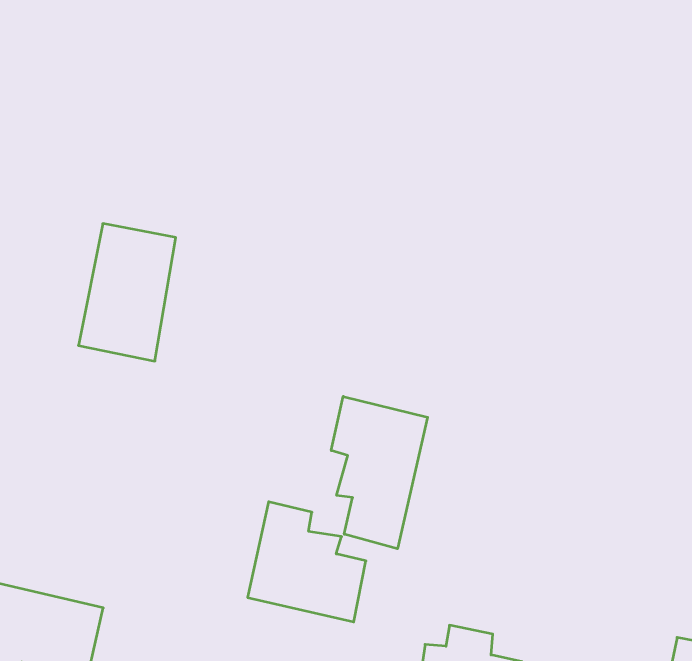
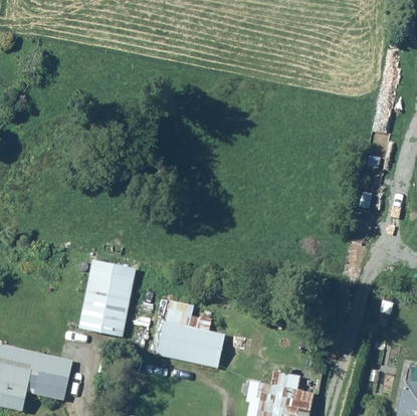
building: [78,224,176,361] -> [78,257,135,337]
building: [331,396,428,549] -> none

